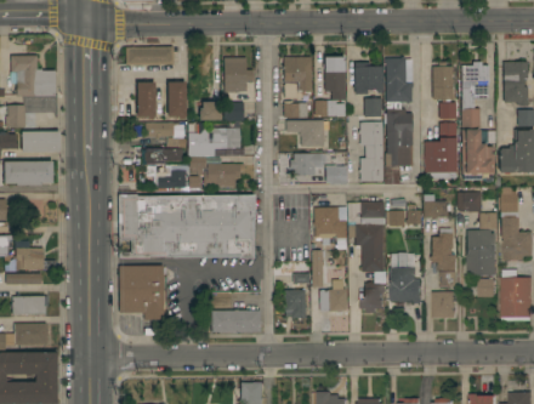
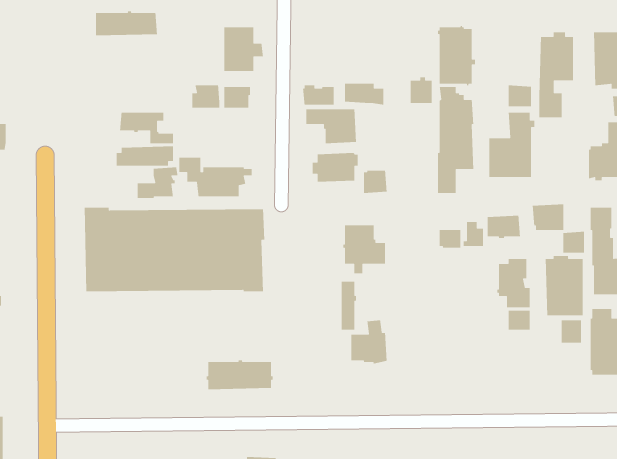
building: [283,57,311,98] -> none
building: [324,57,345,101] -> none
building: [354,62,382,93] -> none
building: [432,62,453,102] -> none
building: [136,82,155,119] -> none
building: [167,82,186,120] -> none
building: [359,121,382,181] -> none
building: [188,124,240,157] -> none
building: [461,130,494,180] -> none
building: [348,201,385,313] -> none
building: [283,264,309,318] -> none
building: [118,266,163,320] -> none
building: [390,268,420,305] -> none
building: [431,292,455,319] -> none

